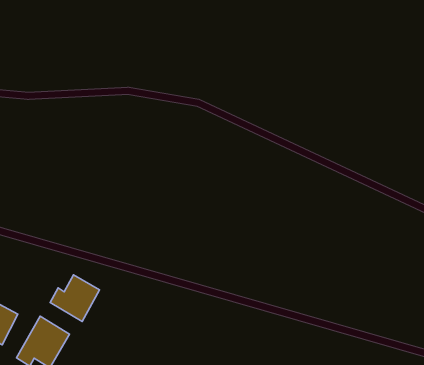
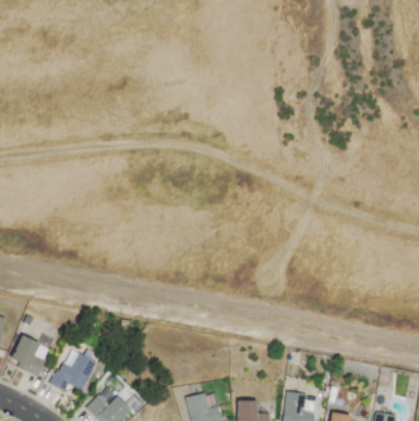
building: [50,275,100,321] -> none

